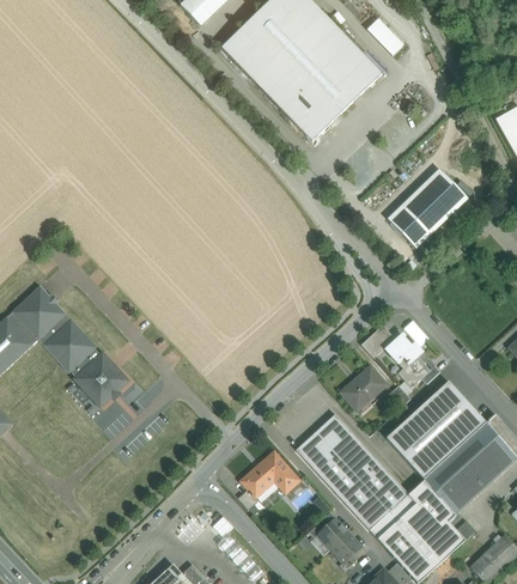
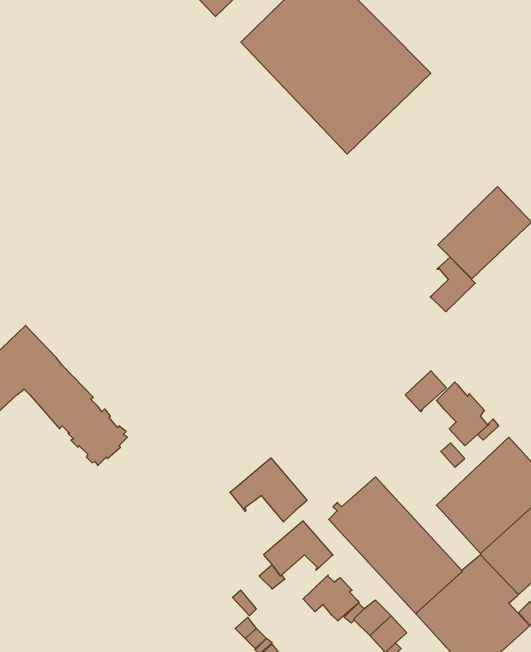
building: none -> [430,257,475,312]
building: [341,366,385,409] -> none
building: none -> [230,458,307,522]
building: none -> [303,575,359,621]

